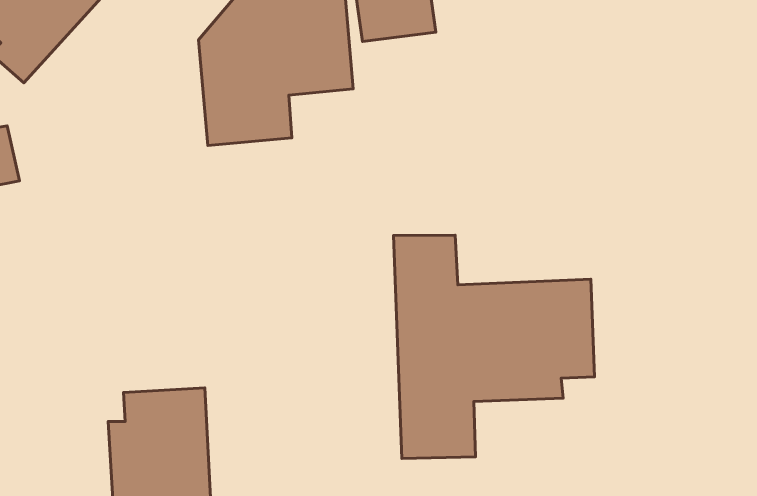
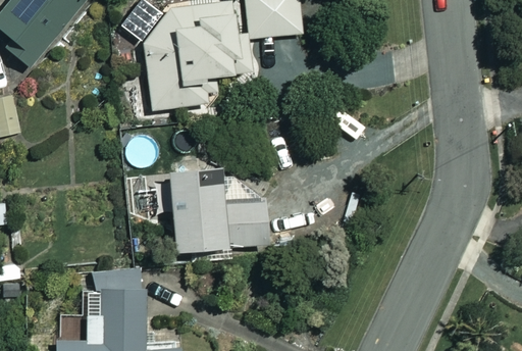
building: none -> [168,163,264,248]
building: [394,235,594,459] -> none

